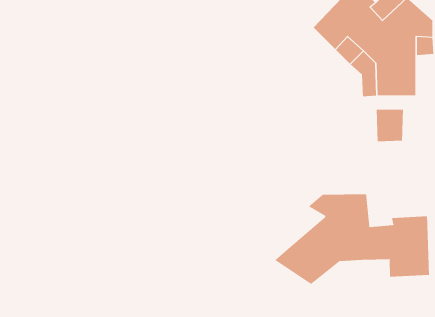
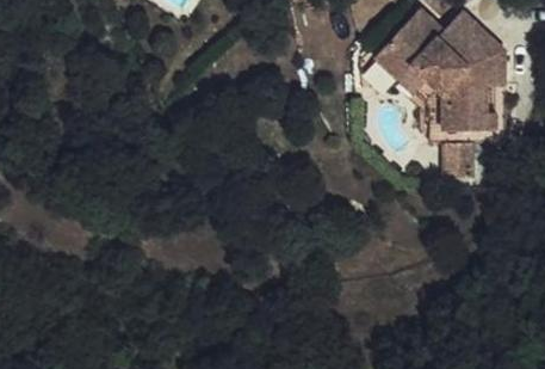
building: [274,193,430,285] -> none

